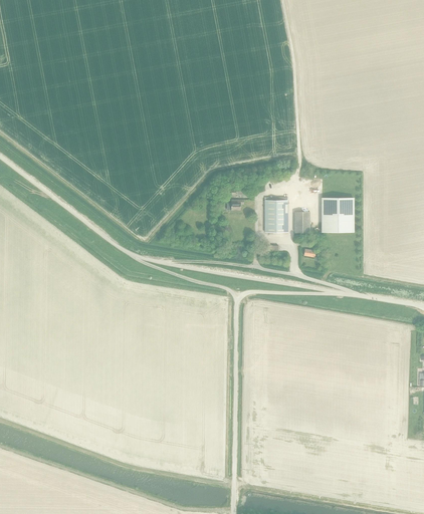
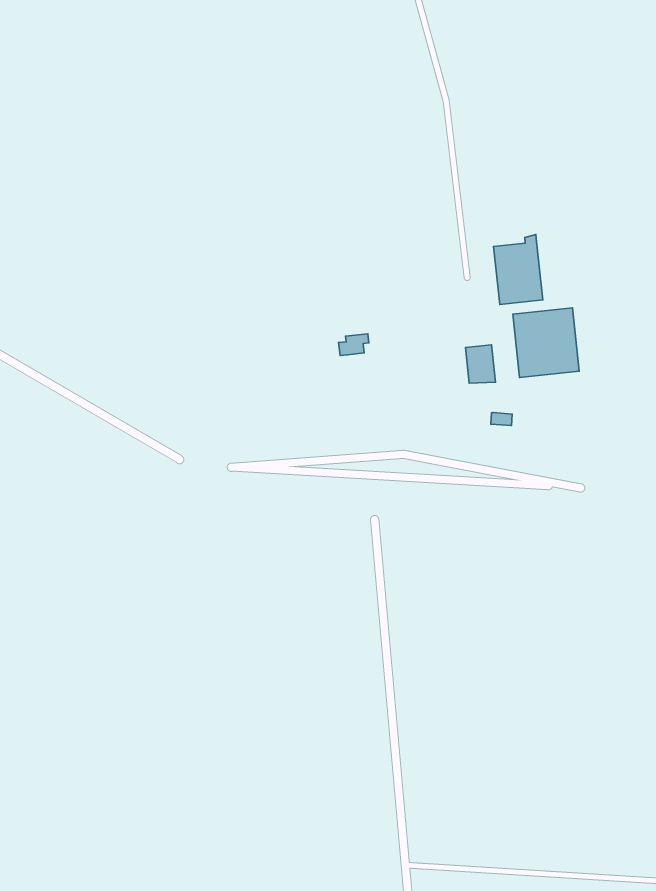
building: [264,196,287,231] -> [494,234,543,304]

